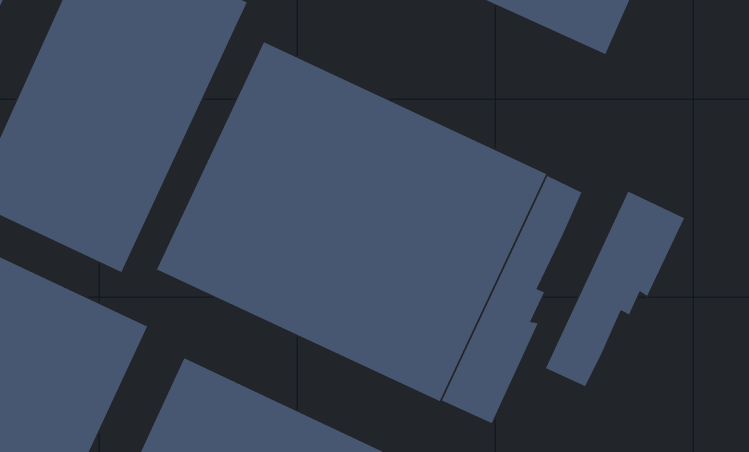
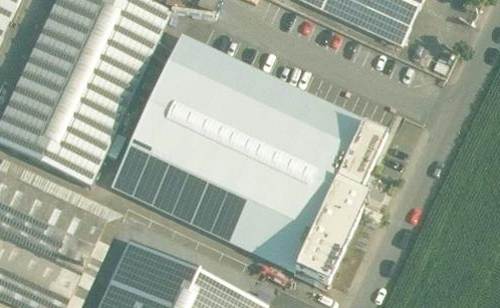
building: [545,191,685,387] -> none

